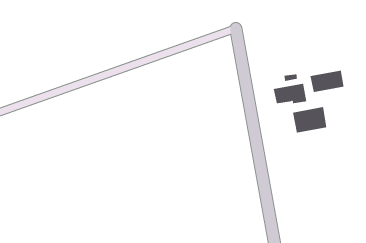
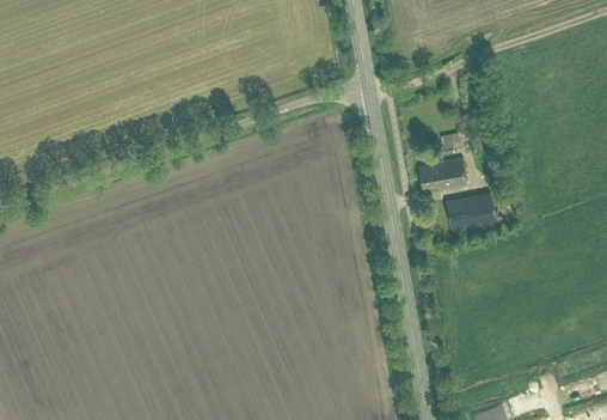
building: [310,70,344,93] -> none

